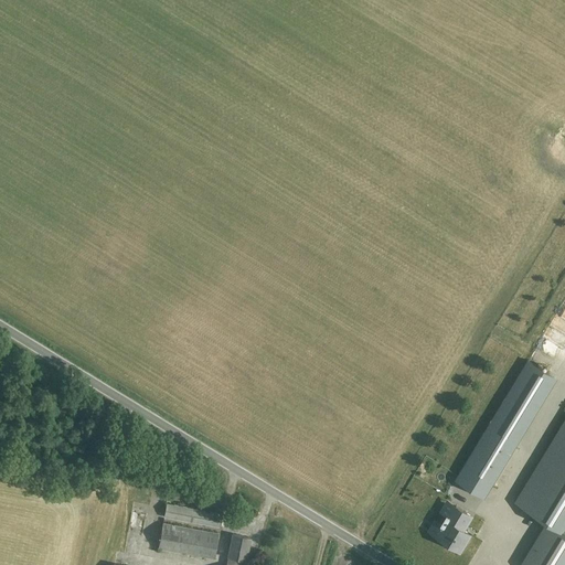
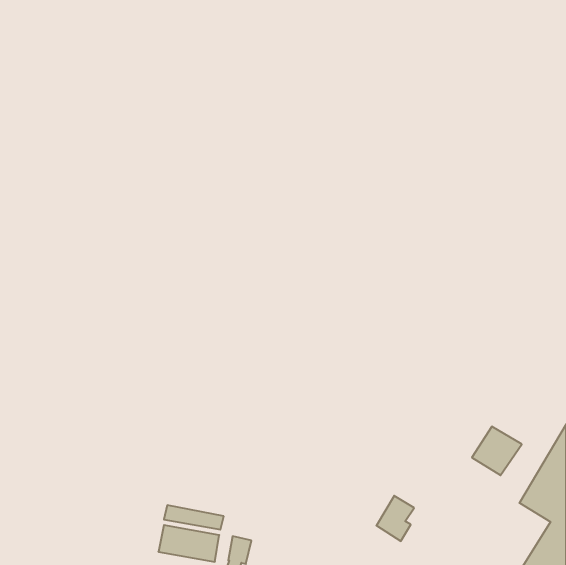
building: [490,362,557,444] -> none
building: [457,457,499,498] -> none
building: [434,504,471,550] -> [376,496,414,541]

